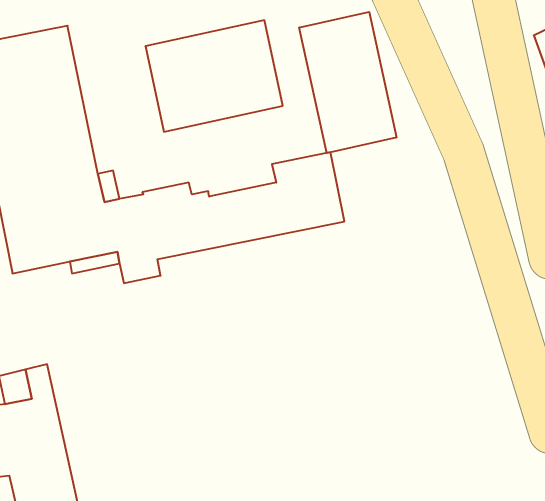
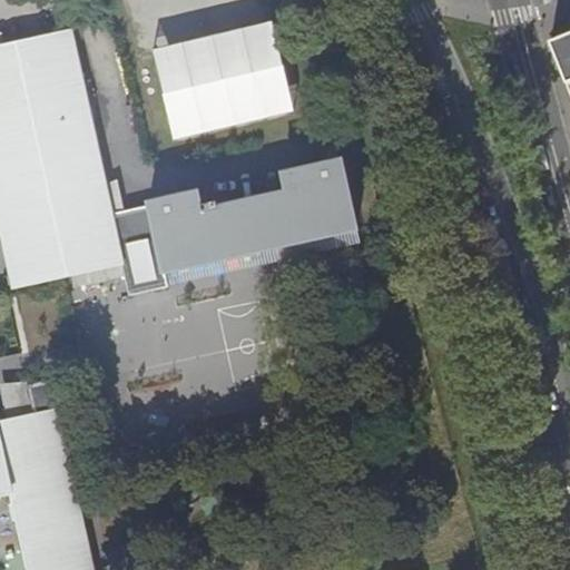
building: [299,12,396,153] -> none

